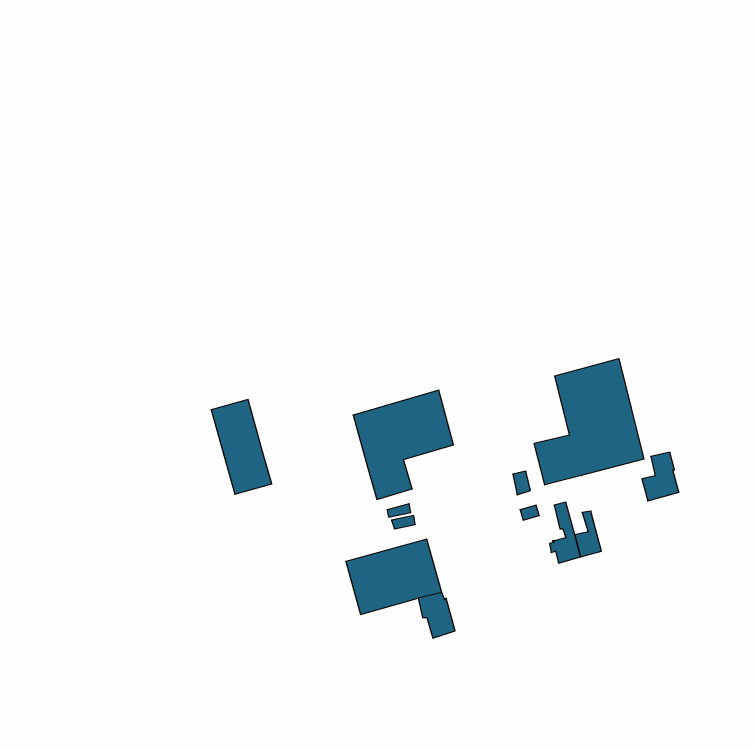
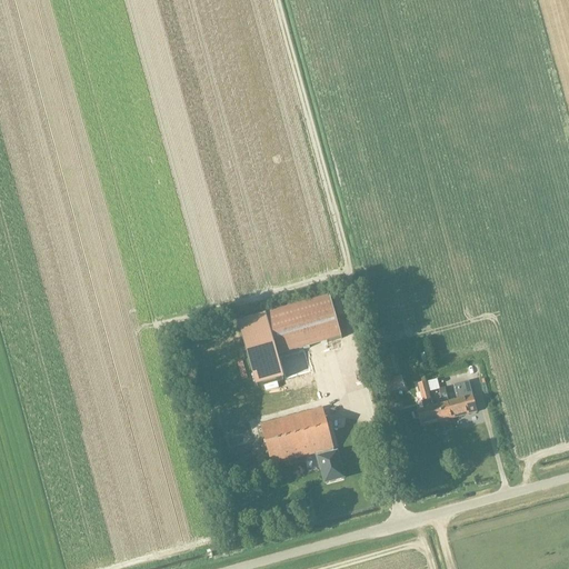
building: [534,359,644,485] -> none
building: [211,400,272,494] -> [238,312,283,383]
building: [642,452,679,501] -> [448,378,476,415]

